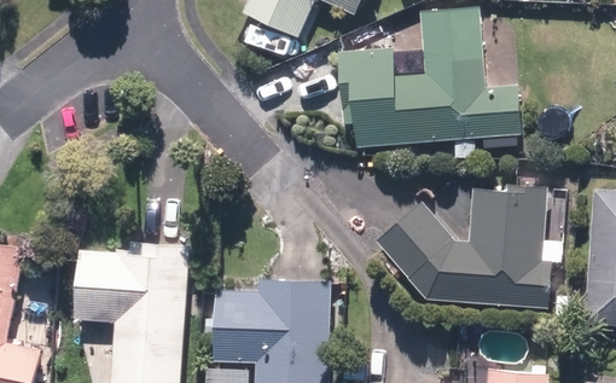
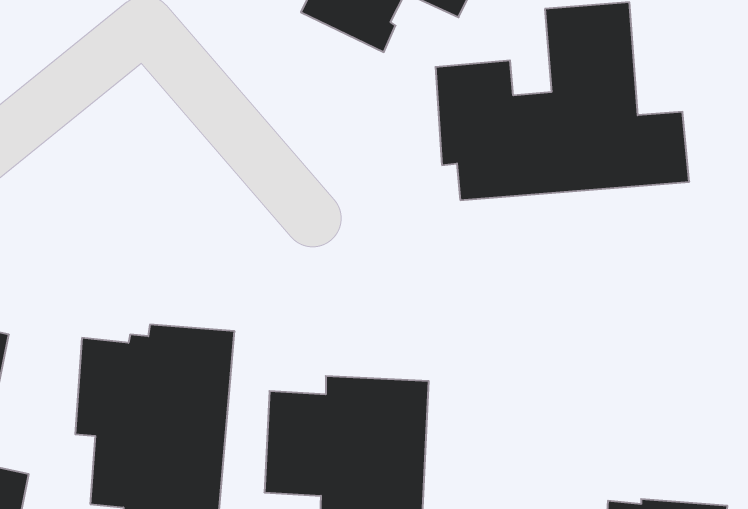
building: [374,182,551,308] -> none

